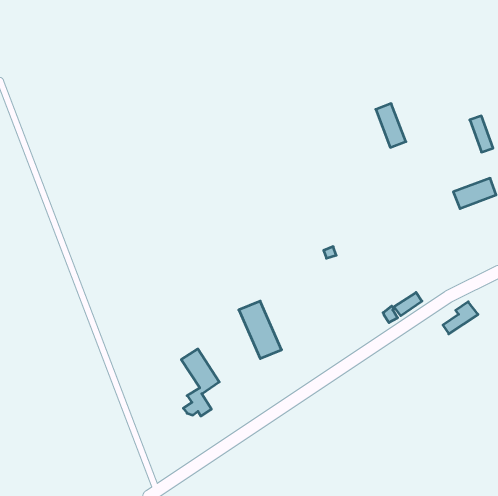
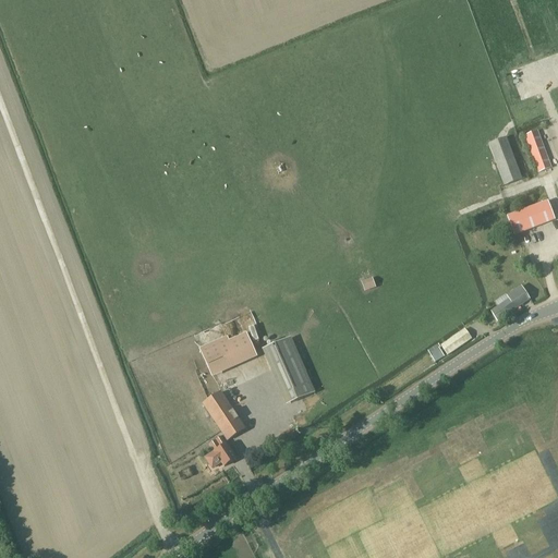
building: [376,104,406,147] -> [488,135,522,184]
building: none -> [199,330,257,376]
building: [443,302,478,334] -> [492,283,531,319]

